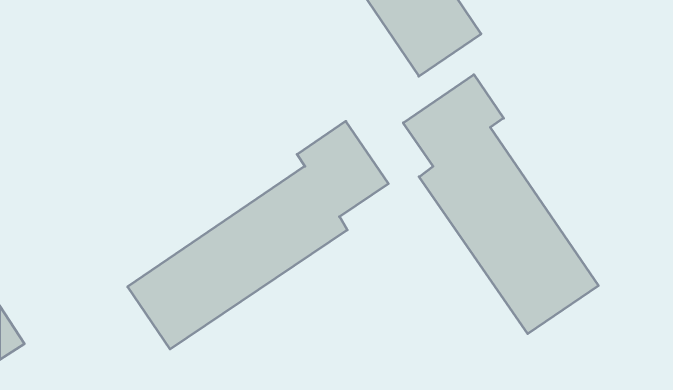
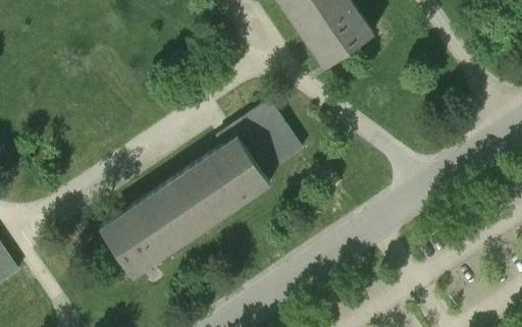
building: [403,75,598,334] -> none

